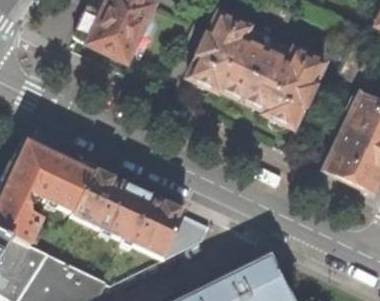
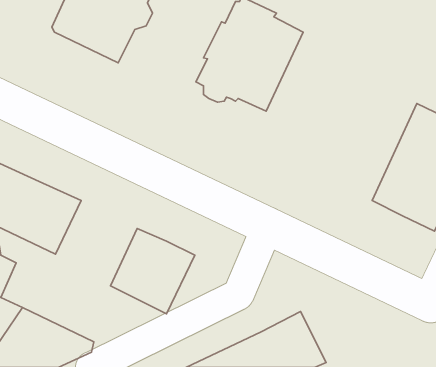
building: [241,37,323,128] -> none
building: [74,169,140,236] -> none
building: [163,212,212,259] -> none

